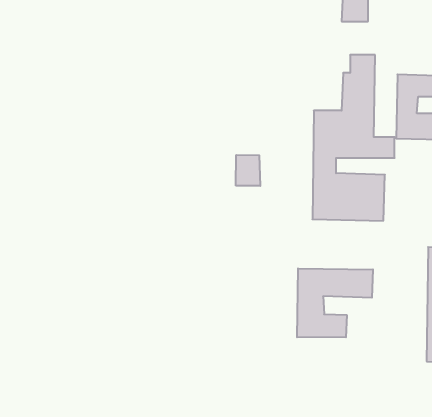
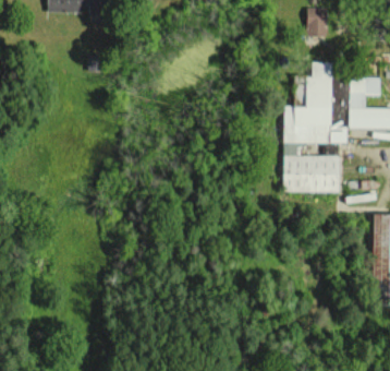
building: [236,155,260,186] -> none
building: [297,268,373,337] -> none

